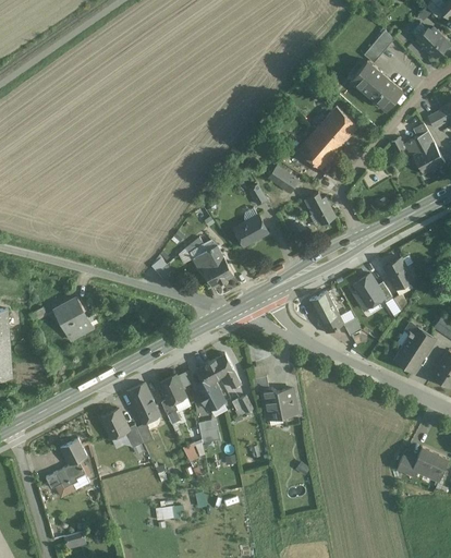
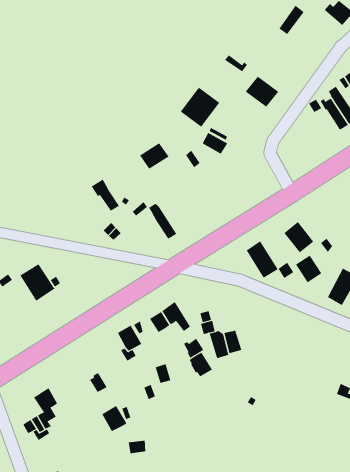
building: [351,61,401,109] -> none
building: [297,123,343,169] -> [180,87,220,128]
building: [304,193,334,225] -> none
building: [233,216,267,245] -> [139,142,169,170]
building: [192,251,222,288] -> [91,179,120,212]
building: [382,257,412,289] -> [295,255,322,283]
building: [197,381,223,410] -> [189,352,213,377]
building: [126,384,159,424] -> none
building: [100,409,127,438] -> [102,405,127,432]

